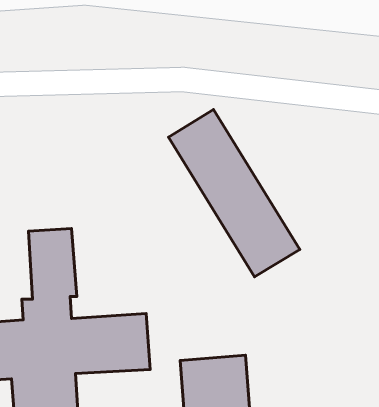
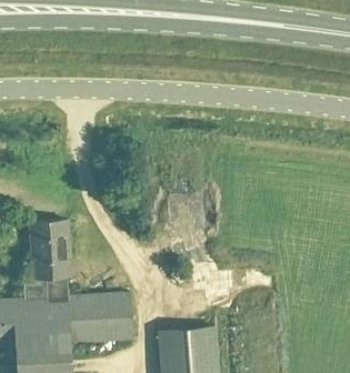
building: [168,109,300,277] -> none

